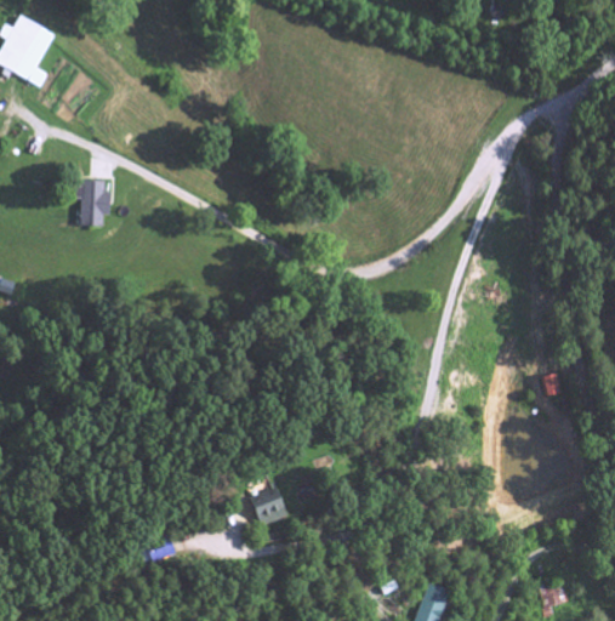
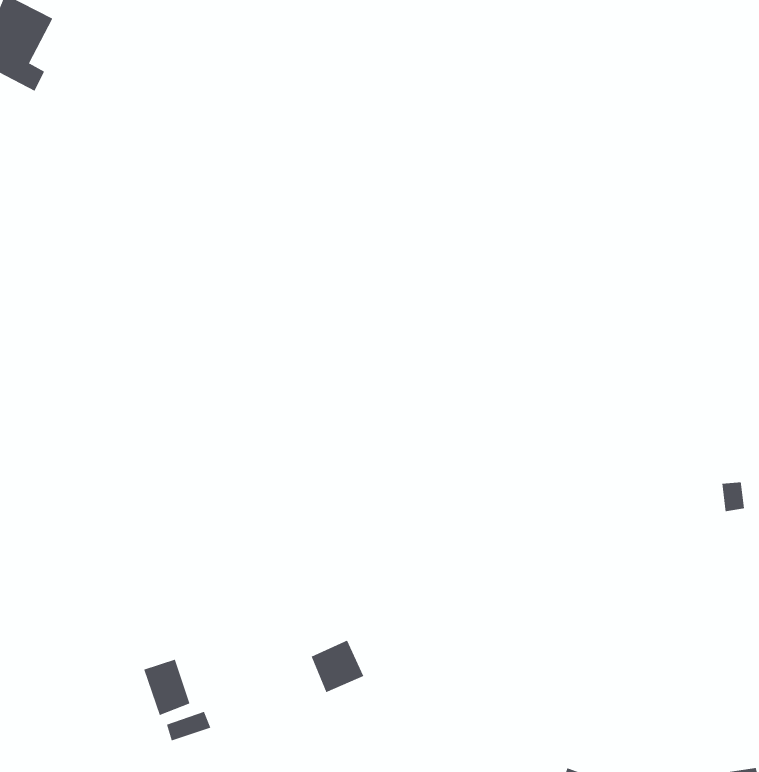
building: [80,178,110,224] -> none
building: none -> [143,659,190,716]

